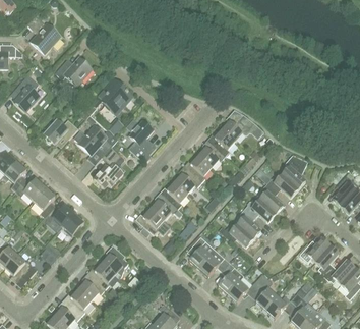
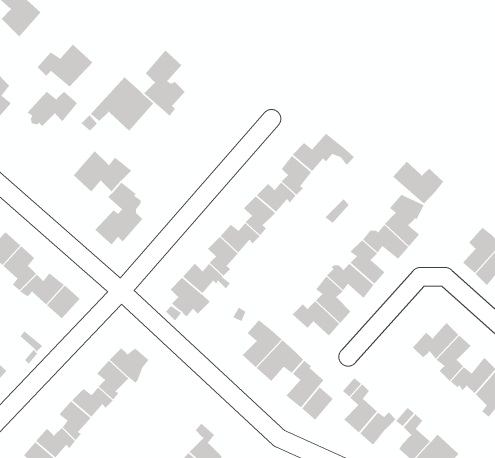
building: [43,119,76,143] -> [27,91,78,127]
building: [127,119,155,163] -> [143,50,185,117]
building: none -> [392,161,444,205]

